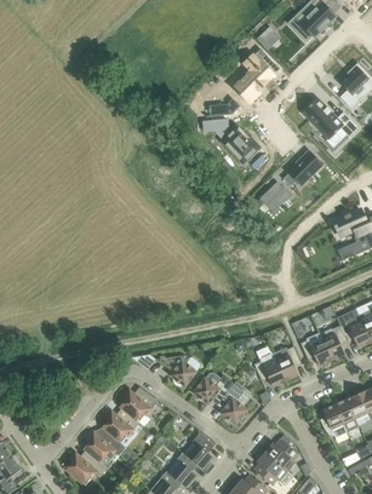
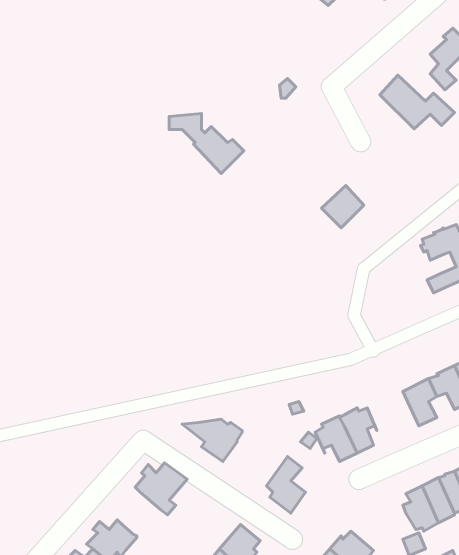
building: [237,48,277,103] -> none
building: [204,119,259,163] -> [169,113,244,173]
building: [282,150,322,186] -> none
building: [301,333,332,366] -> none
building: [193,374,234,404] -> none
building: [102,409,139,442] -> none

